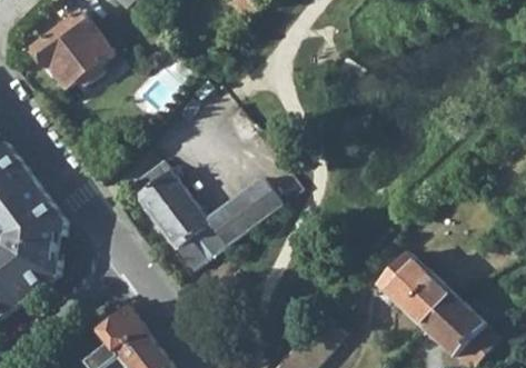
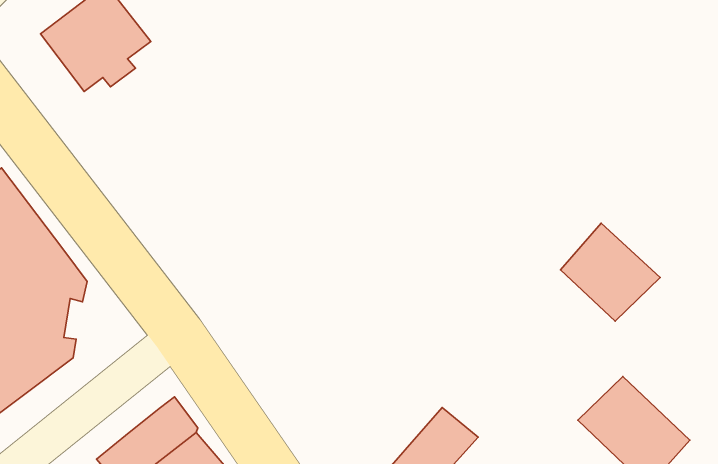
building: [128,159,281,271] -> none
building: [378,251,449,321] -> [561,223,660,321]

